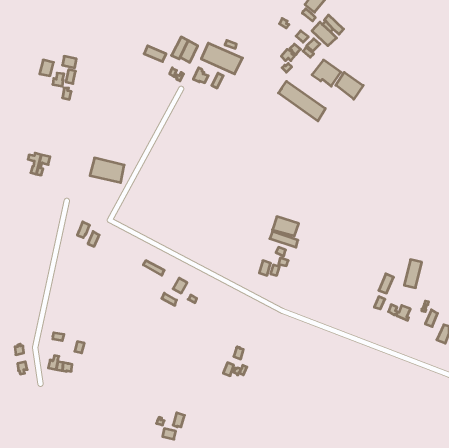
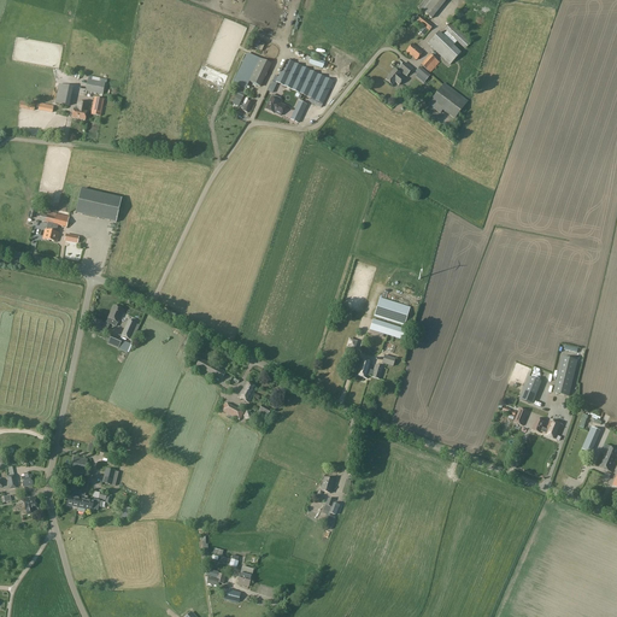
building: [336,72,363,99] -> none
building: [278,81,325,121] -> none
building: [90,158,124,183] -> [75,187,122,221]

